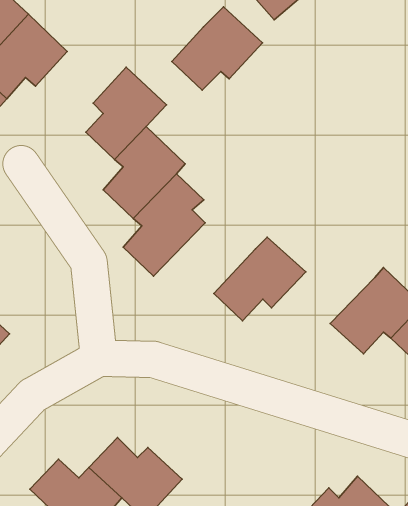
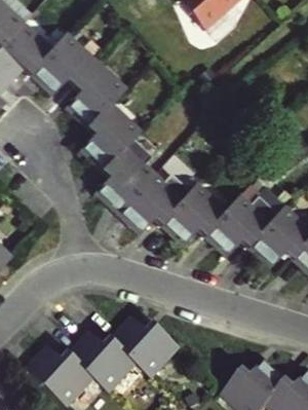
building: [172,7,262,90] -> [32,38,97,98]
building: none -> [116,175,189,234]
building: none -> [200,196,274,255]
building: none -> [112,313,179,372]

